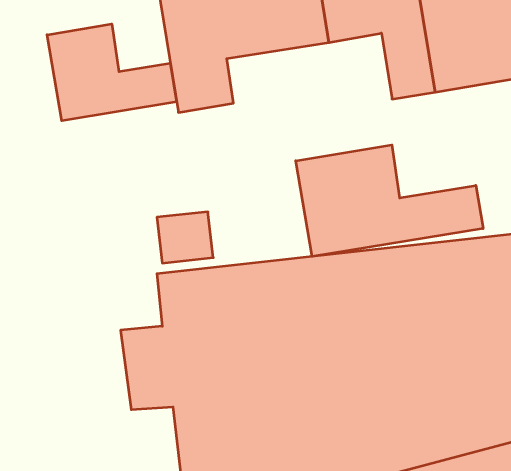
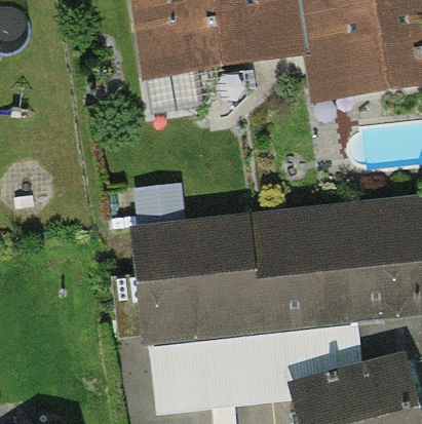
building: [47,24,177,121] -> none
building: [296,145,483,256] -> none

